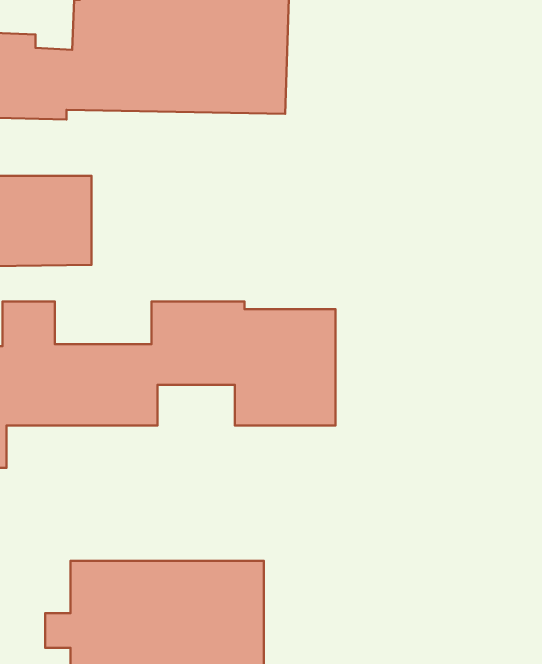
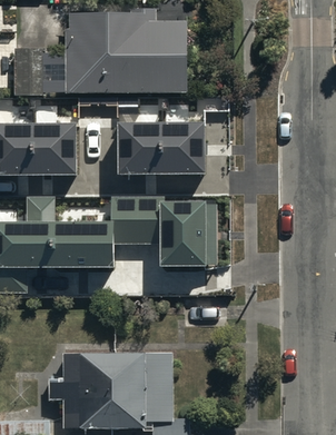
building: none -> [116,128,204,181]

